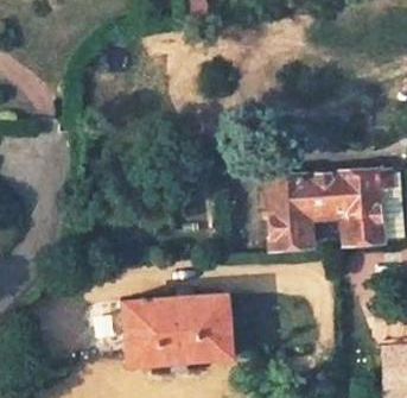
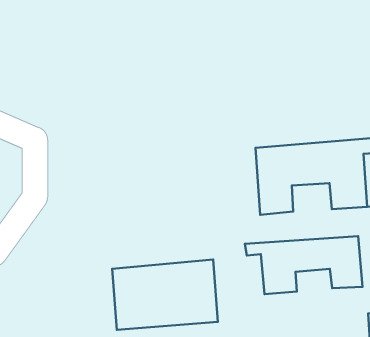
building: none -> [245,236,362,294]

